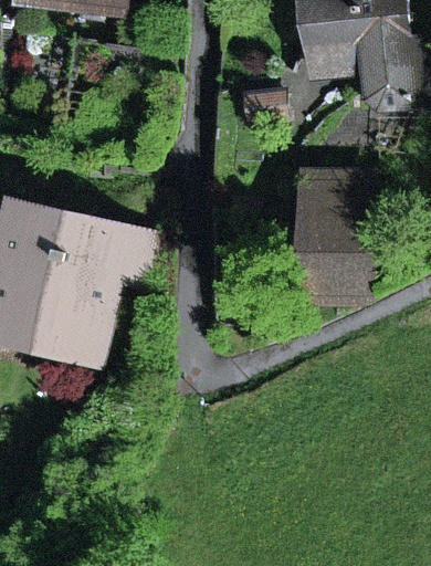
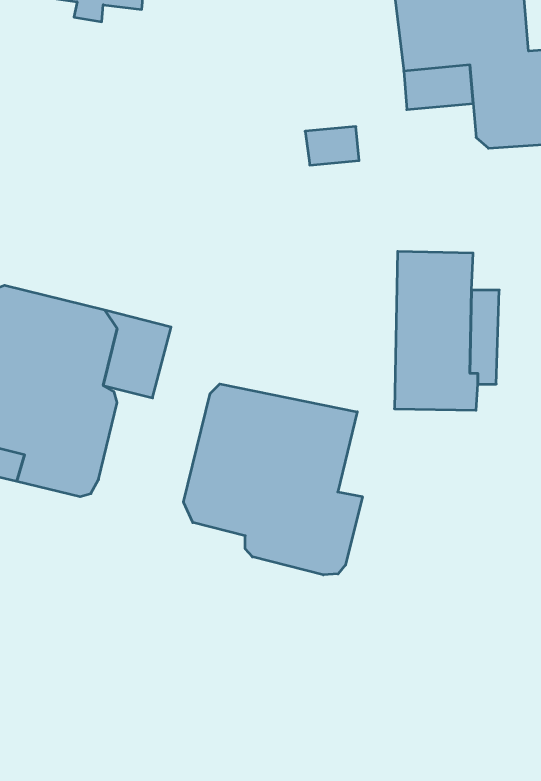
building: none -> [184,384,362,575]

